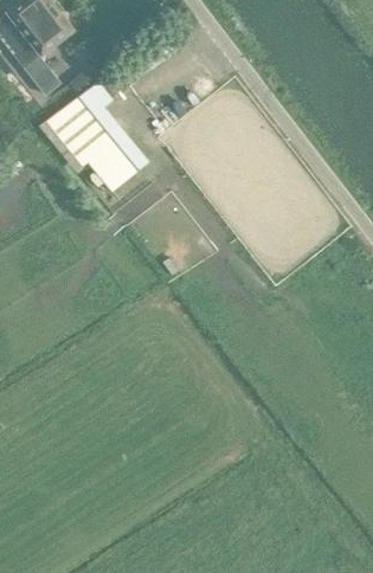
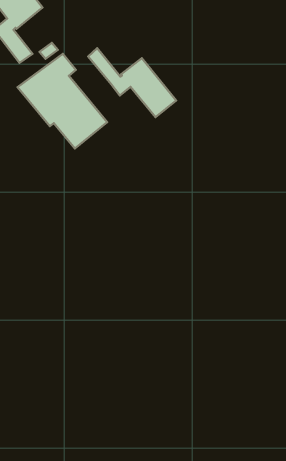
building: none -> [88,48,176,117]

